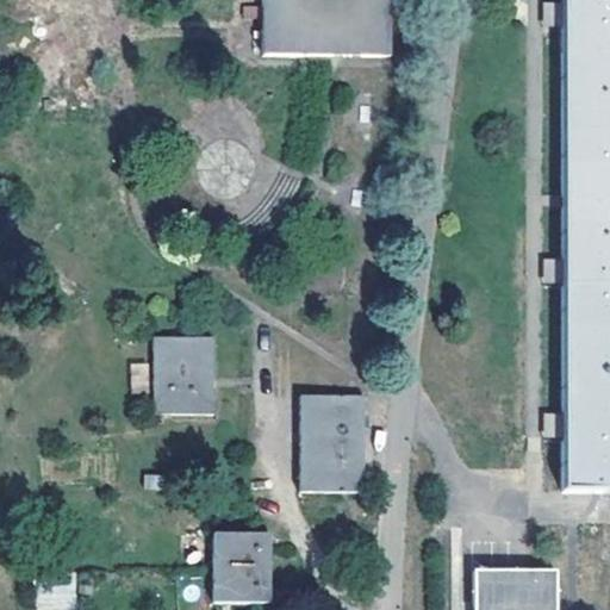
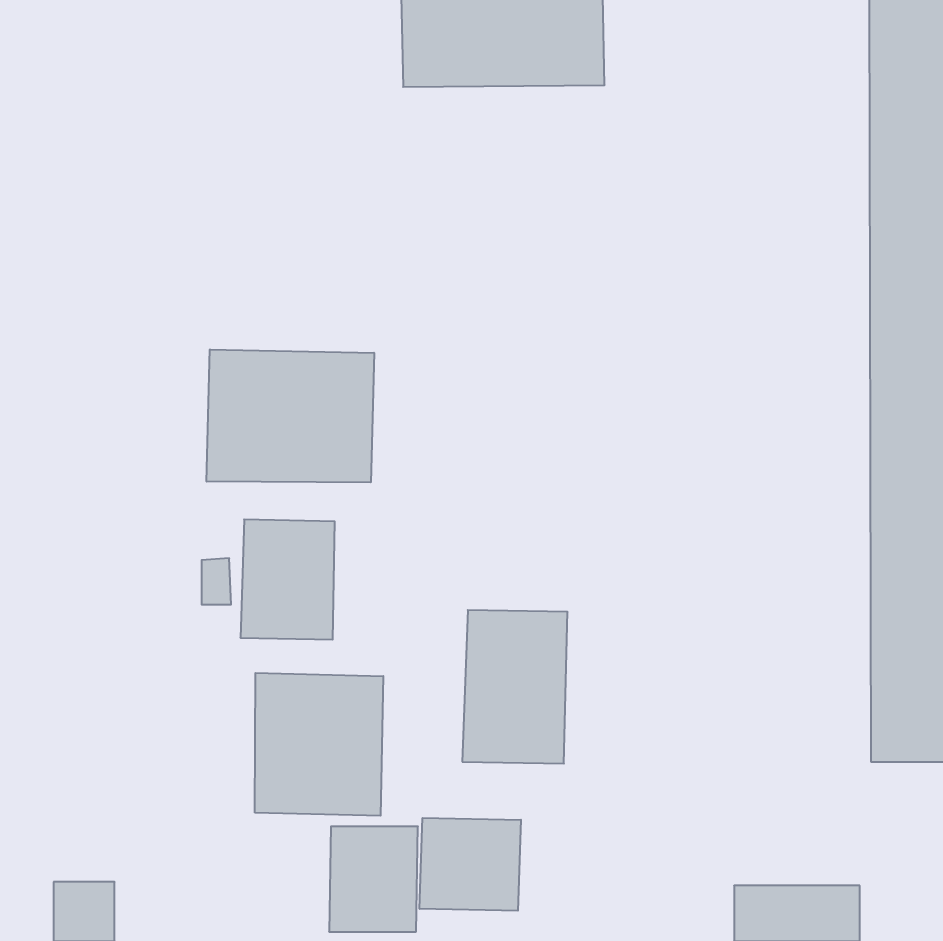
building: none -> [207,349,374,482]
building: none -> [255,673,383,816]
building: none -> [420,818,521,911]

